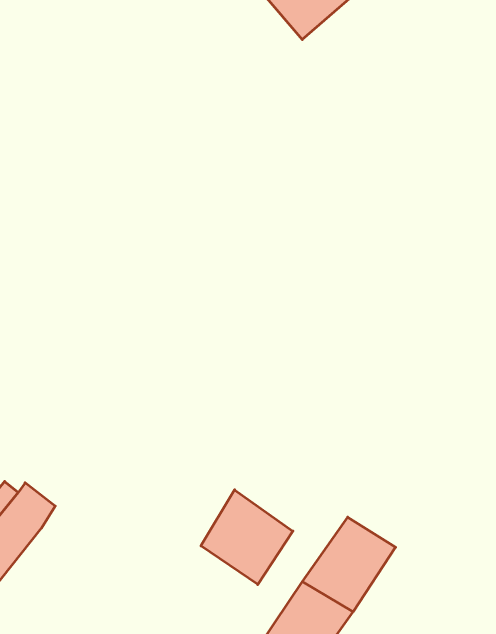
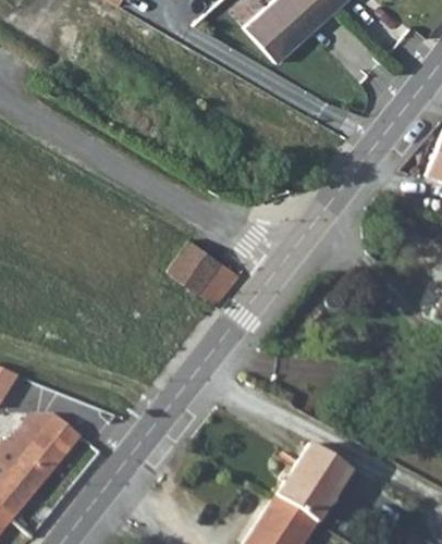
building: none -> [168,242,242,308]
building: [201,490,293,585] -> none

